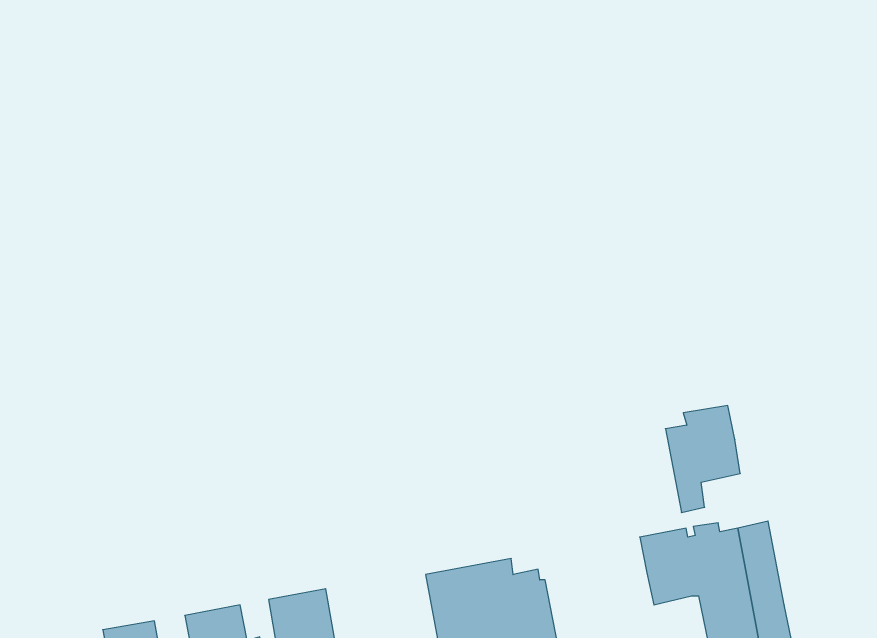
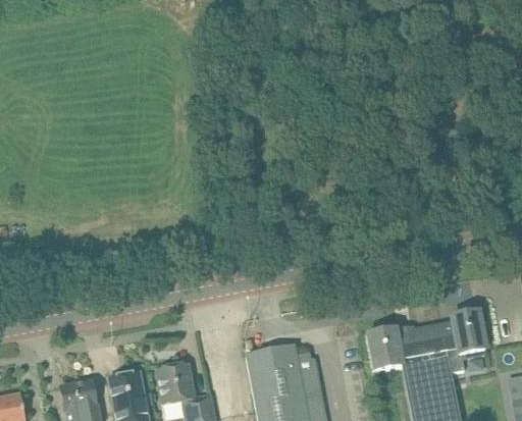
building: [665,406,740,513] -> [441,310,484,371]

